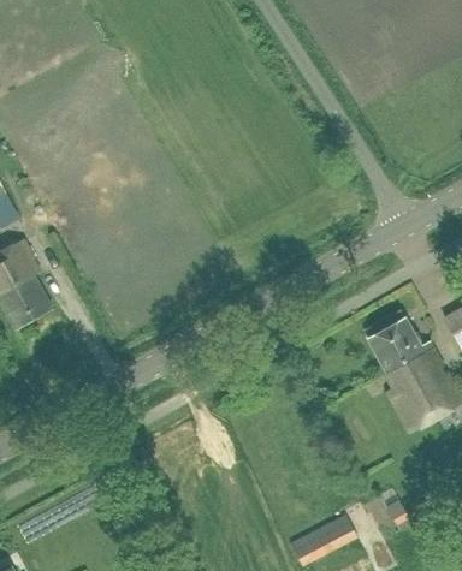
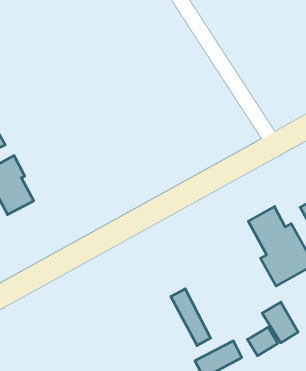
building: none -> [171,289,211,346]
building: none -> [262,302,298,343]

